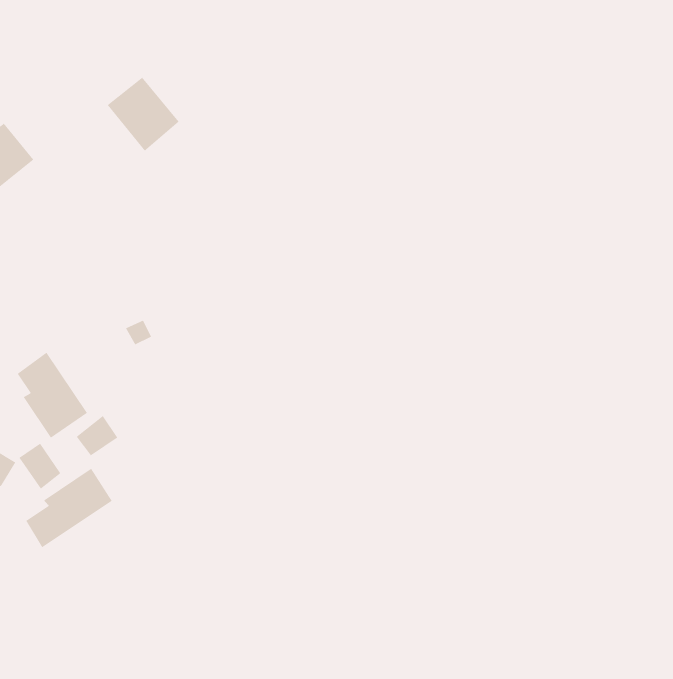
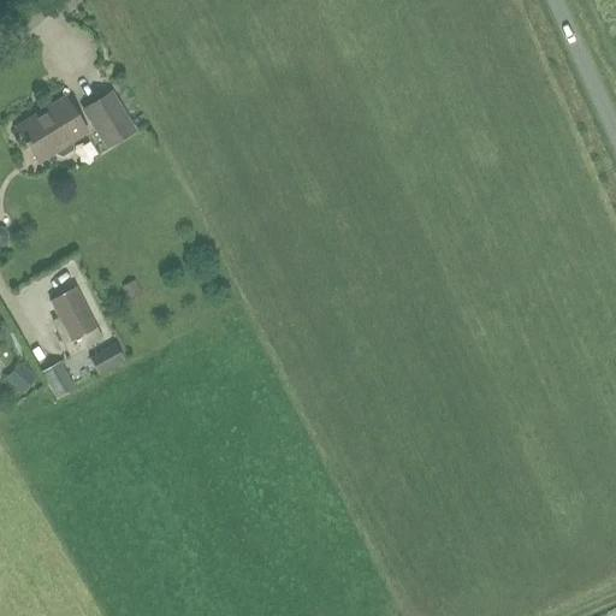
building: [107,77,180,152] -> [82,88,138,148]
building: [26,468,112,548] -> none

